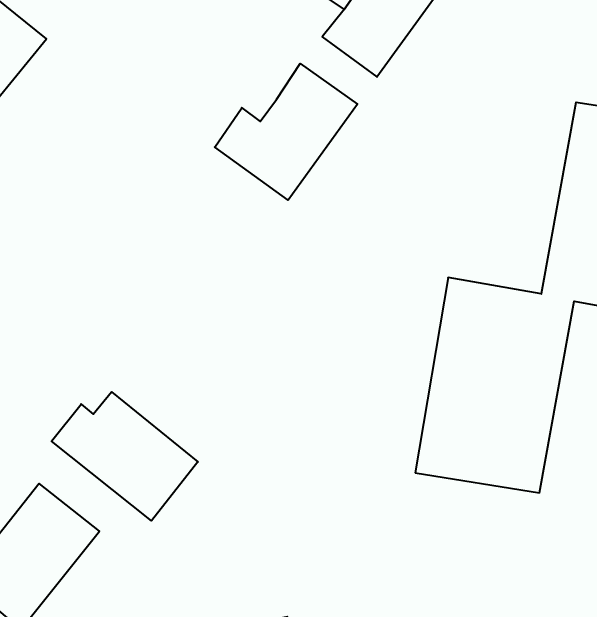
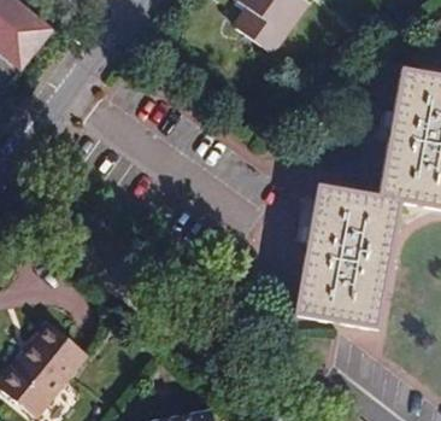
building: [215,64,357,200] -> none
building: [52,392,198,521] -> none

